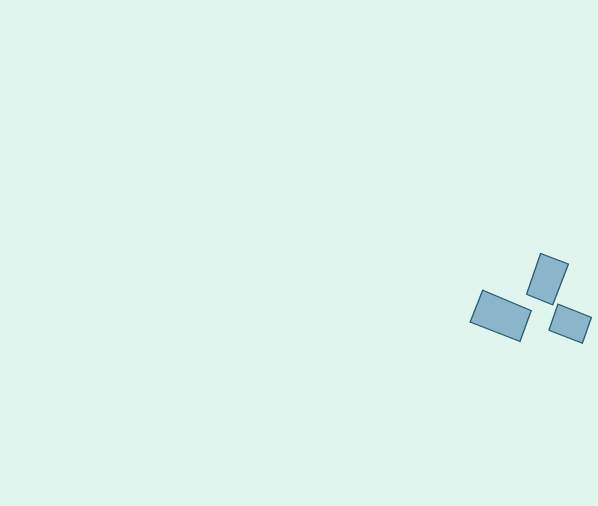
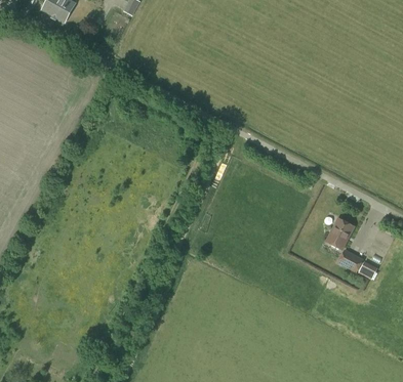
building: [470,290,531,342] -> none

